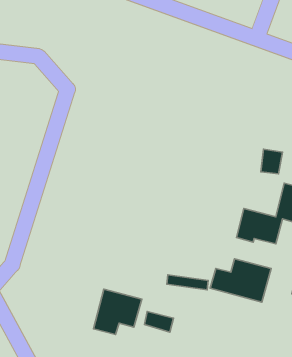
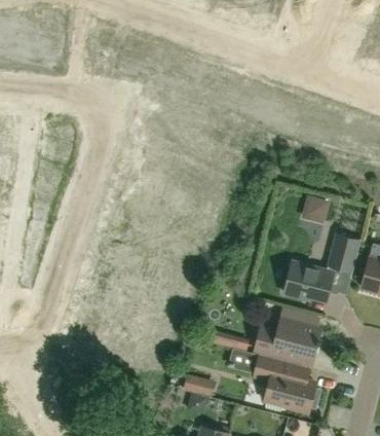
building: [93,289,142,335] -> none
building: none -> [254,353,319,409]

